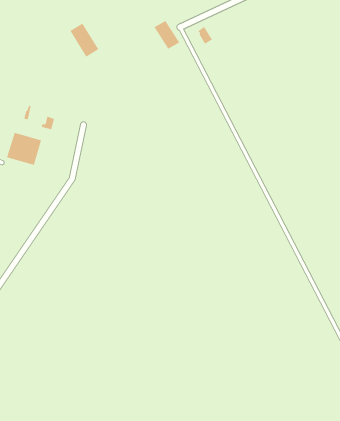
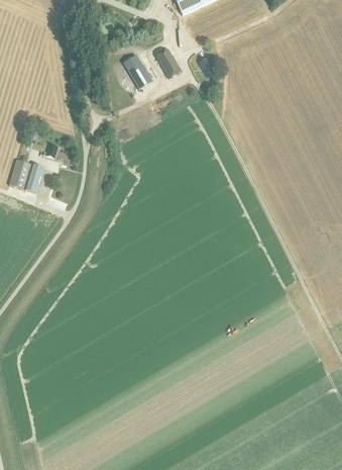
building: [70,23,99,57] -> [122,54,151,88]

